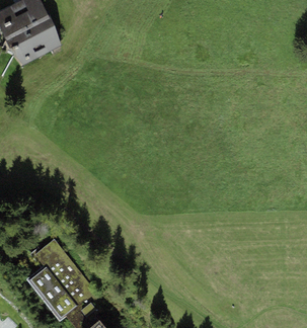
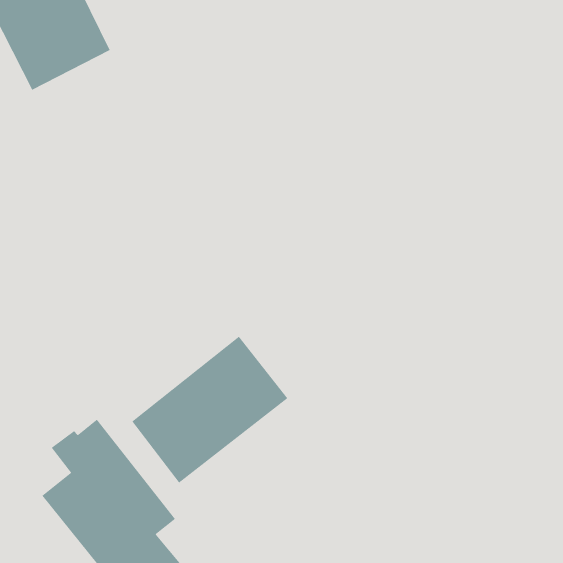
building: none -> [131,336,288,484]

